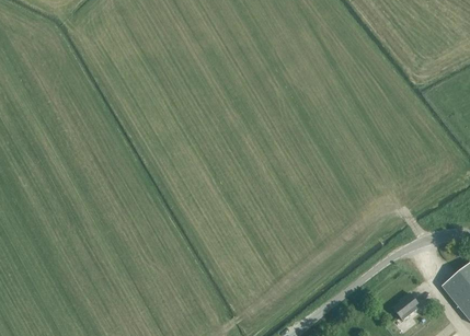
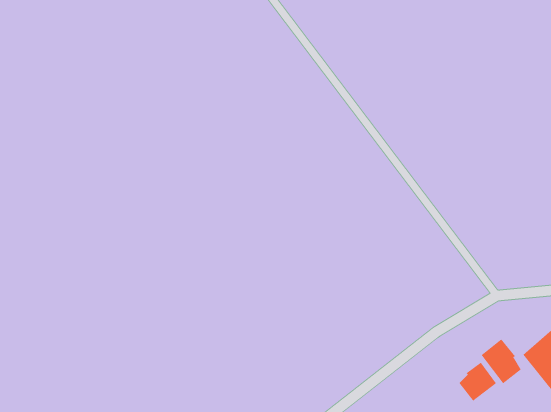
building: none -> [481,338,522,384]

